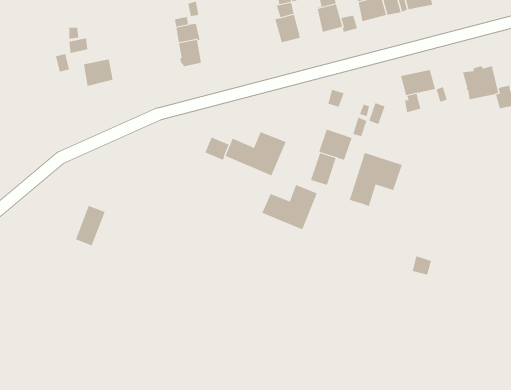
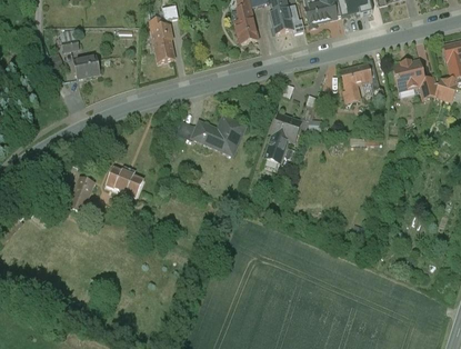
building: [349,152,403,207] -> none
building: [262,184,318,230] -> none
building: none -> [107,166,143,196]

